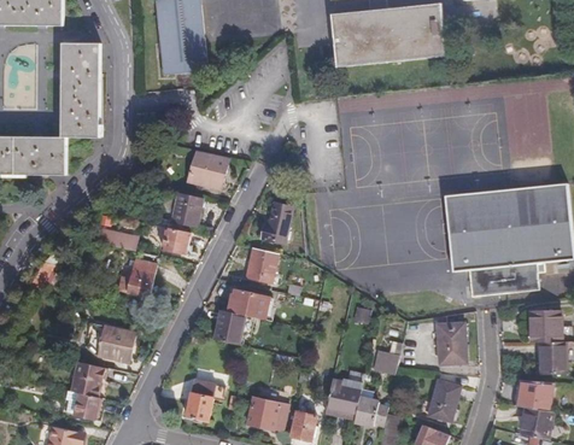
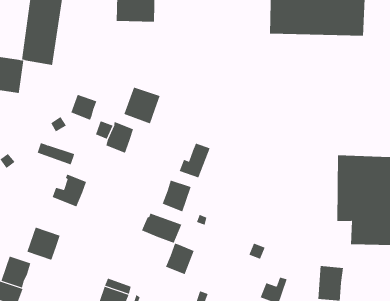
building: [163,226,192,253] -> [70,94,97,120]
building: [213,310,245,345] -> [165,243,195,275]

